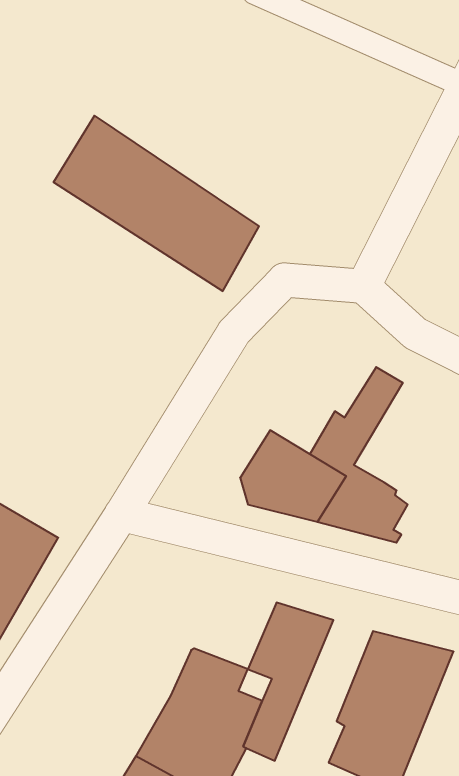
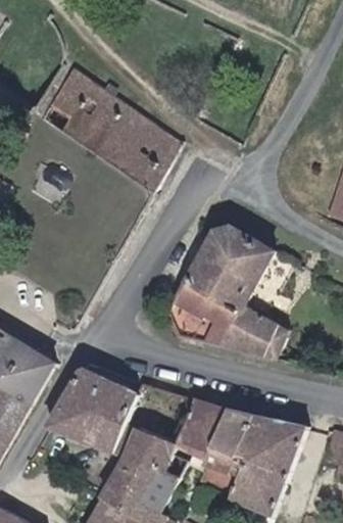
building: none -> [188,228,256,298]
building: none -> [49,369,135,448]
building: none -> [205,406,254,471]

